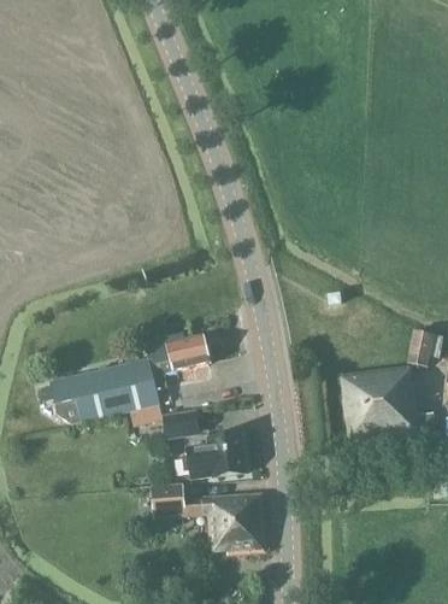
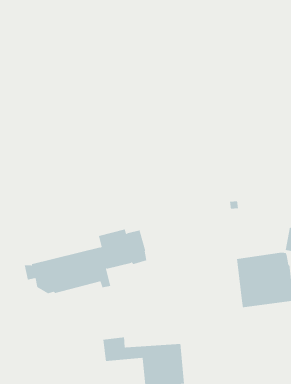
building: [163,410,201,438] -> none
building: [188,432,246,479] -> none

